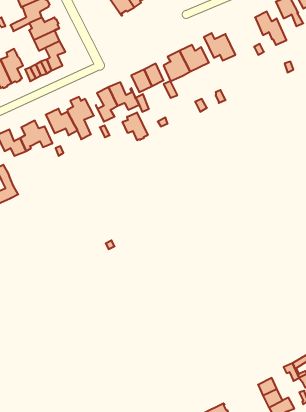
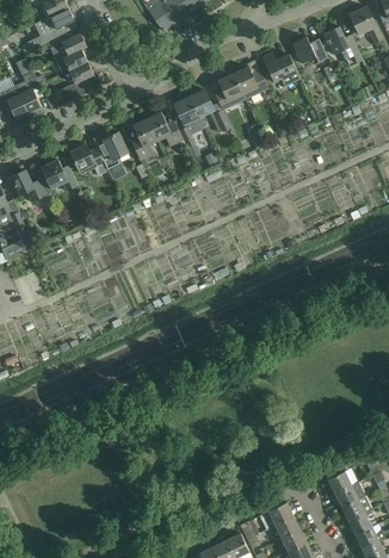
building: none -> [292,37,328,64]
building: [123,112,148,140] -> none

